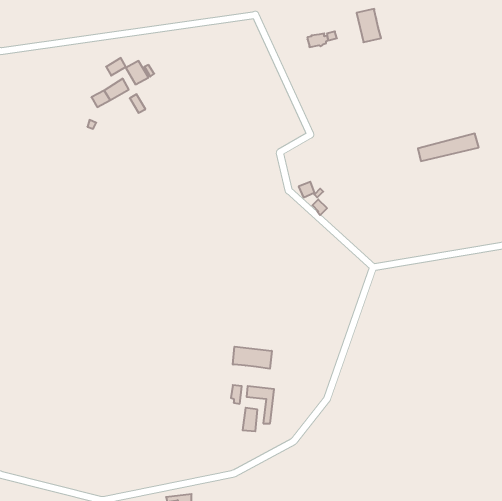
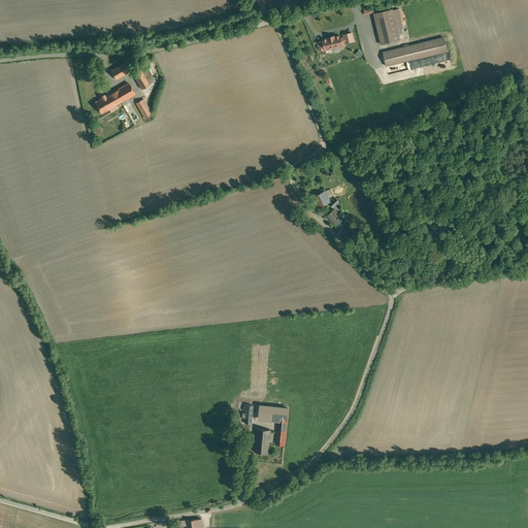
building: [418,134,479,161] -> [384,38,448,67]
building: [233,347,272,369] -> none

